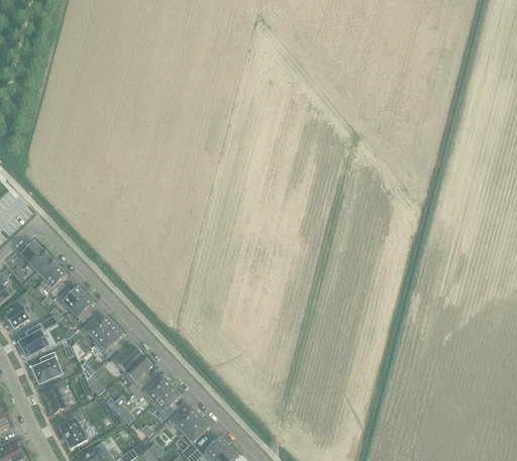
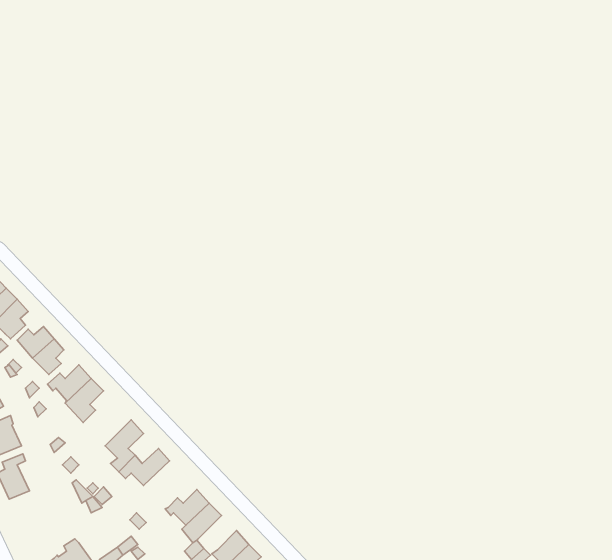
building: [110,346,142,374] -> none
building: [151,385,180,422] -> none
building: [59,410,86,448] -> none

